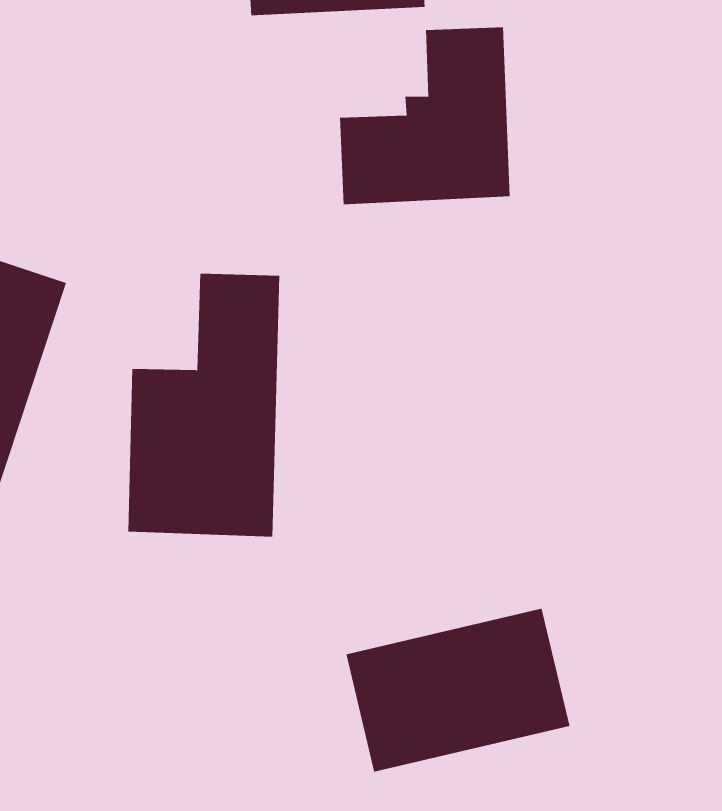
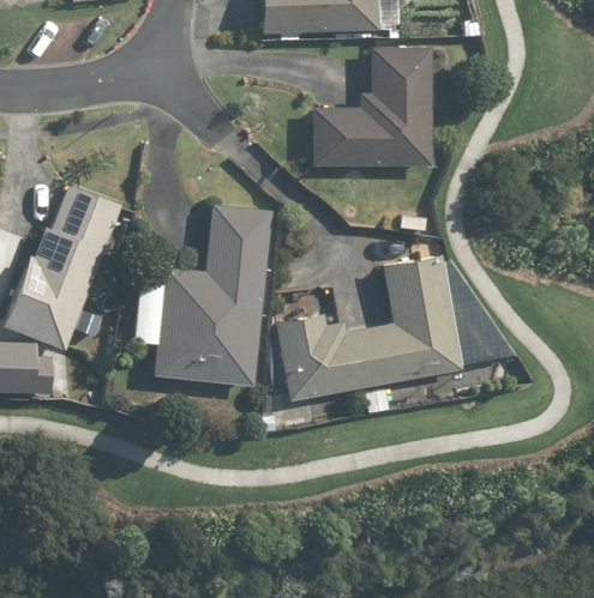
building: none -> [275,256,516,403]
building: [346,608,570,772] -> none

